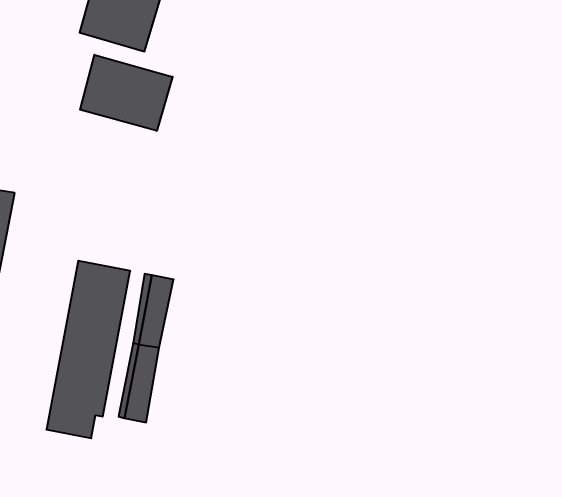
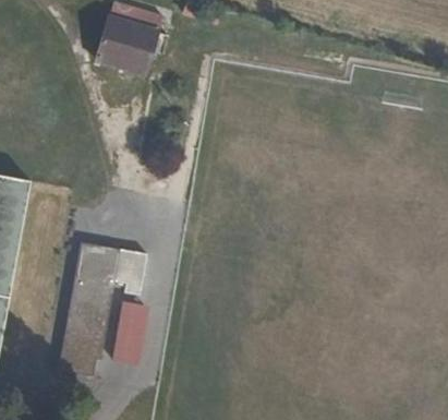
building: [80,55,173,131] -> none

